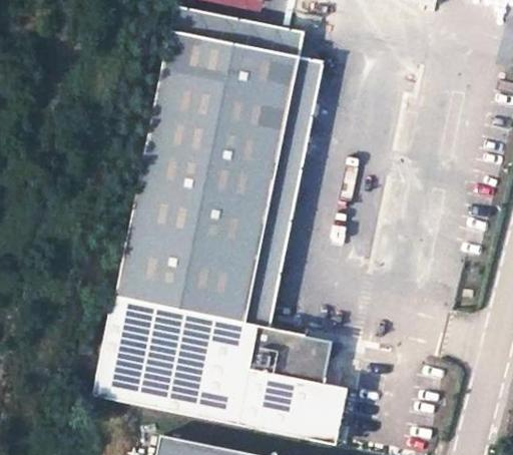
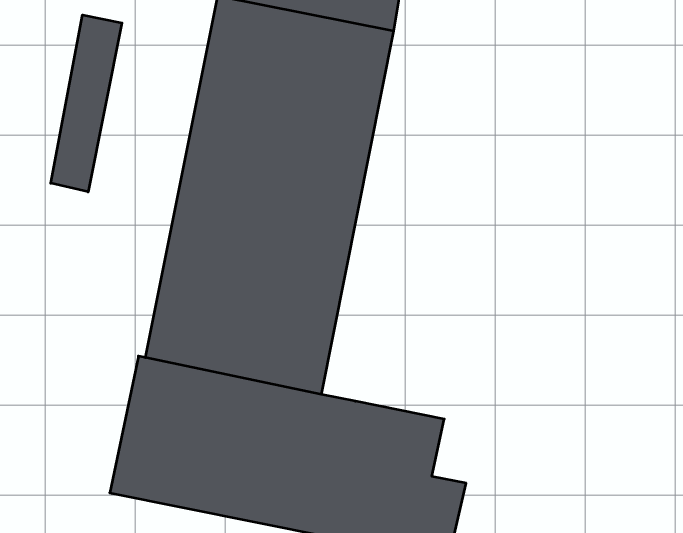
building: none -> [51,15,122,192]
building: [244,56,323,328] -> none

